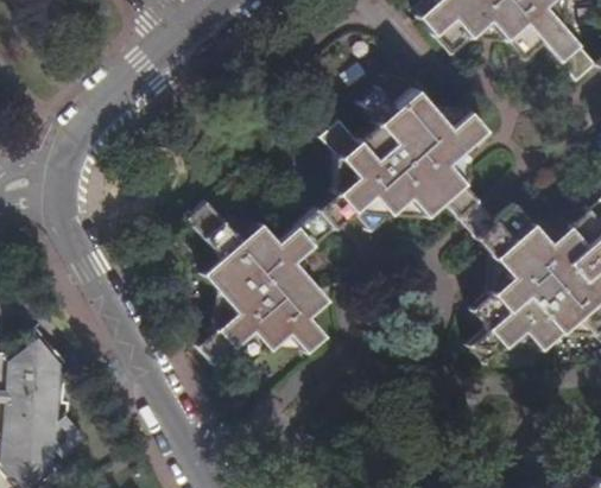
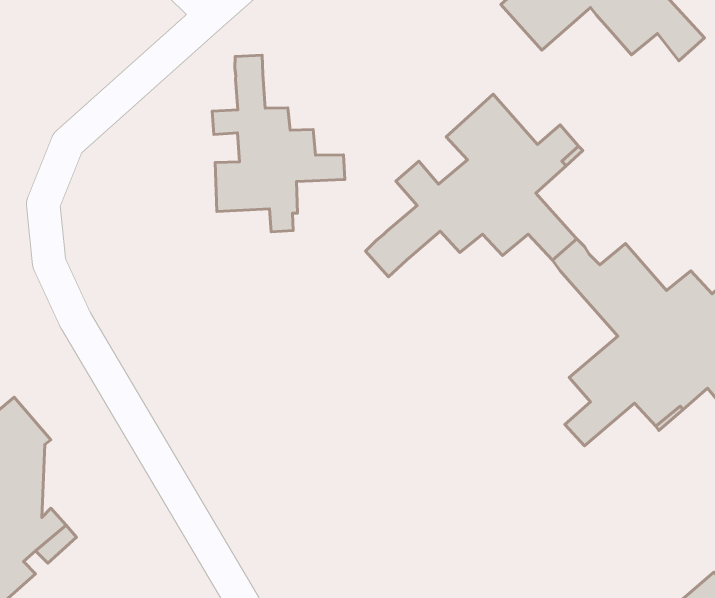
building: none -> [212,55,345,232]
building: [194,205,334,368] -> none

